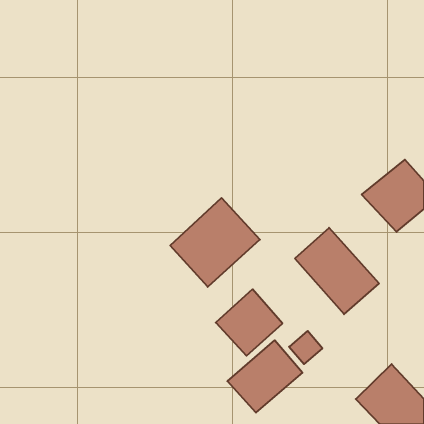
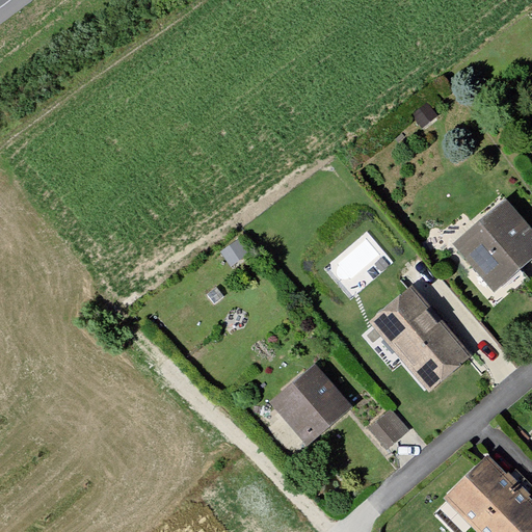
building: [170,198,260,287] -> none
building: [227,340,302,413] -> none

